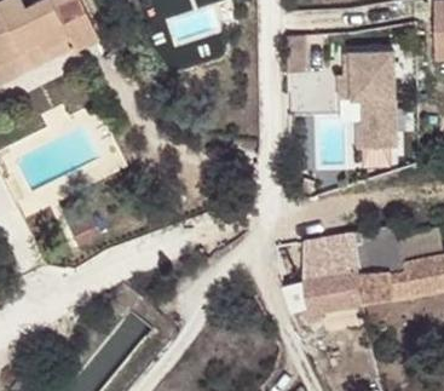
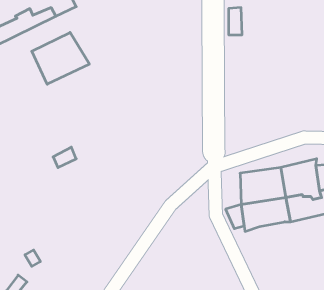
building: [339,54,396,149] -> none
building: none -> [32,32,89,84]

